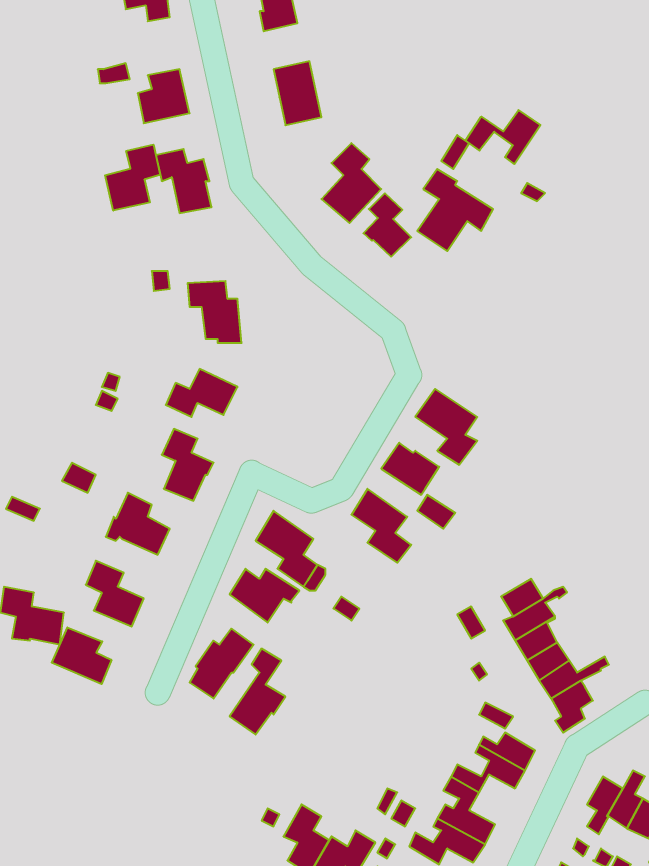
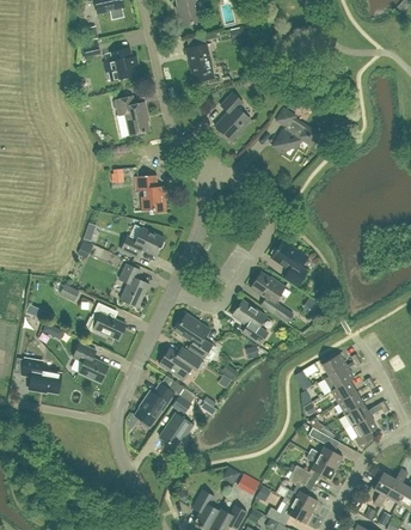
building: [465,110,540,164] -> none
building: [105,145,160,211] -> none
building: [363,193,411,257] -> none
building: [52,627,111,684] -> none

